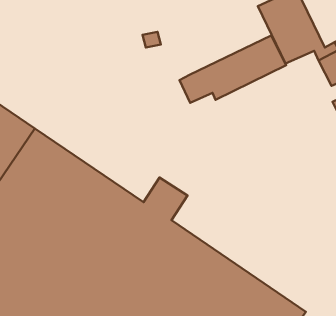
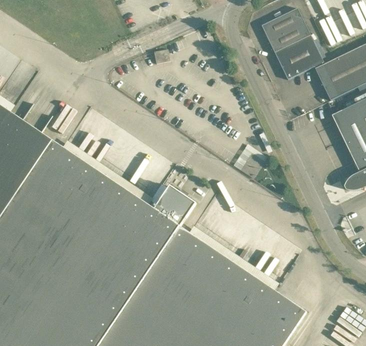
building: [179,36,286,103] -> none

